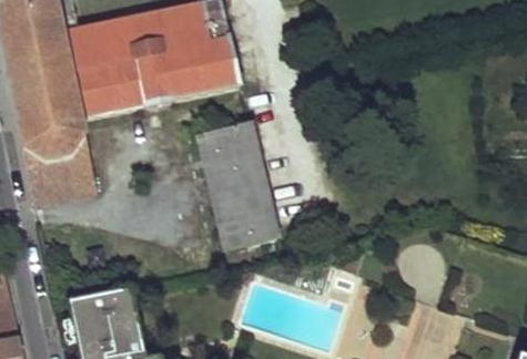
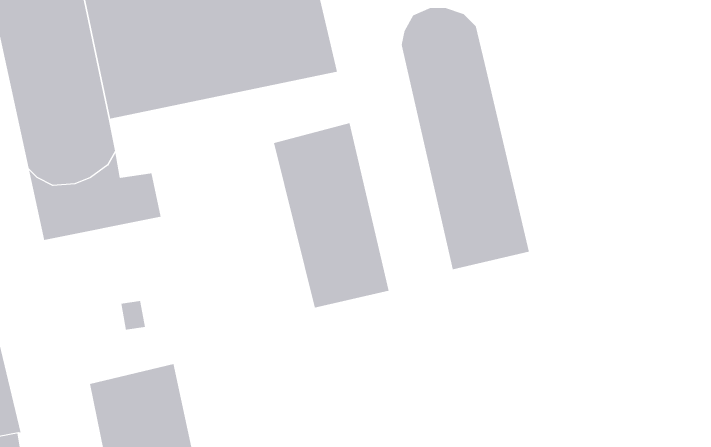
building: none -> [401,7,529,270]

